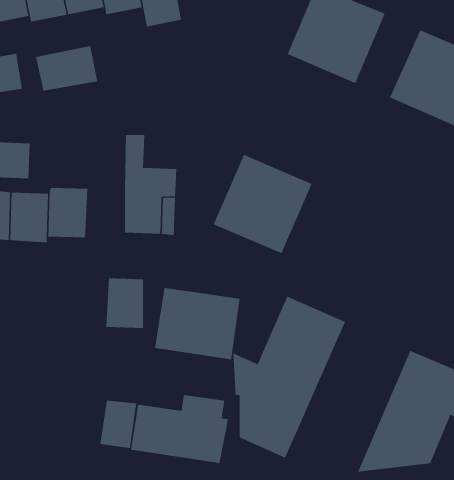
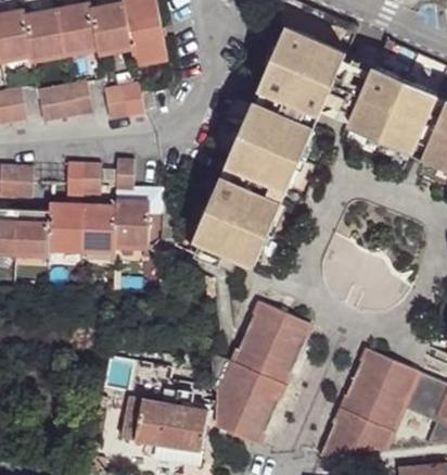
building: none -> [103,83,143,120]
building: none -> [226,101,312,189]
building: none -> [66,162,100,197]
building: [106,278,144,328] -> [81,207,115,251]
building: [154,287,240,360] -> none
building: [100,400,137,449] -> none

